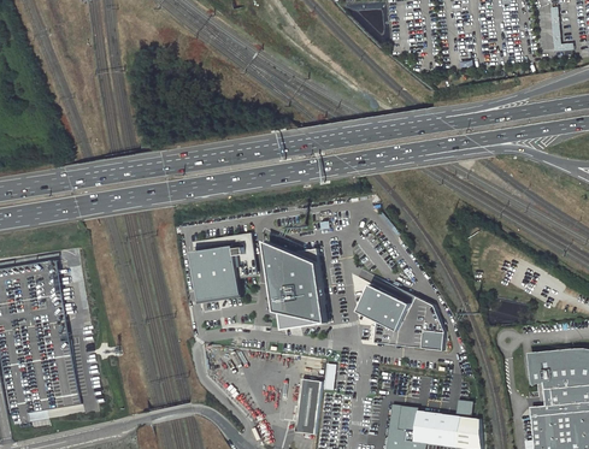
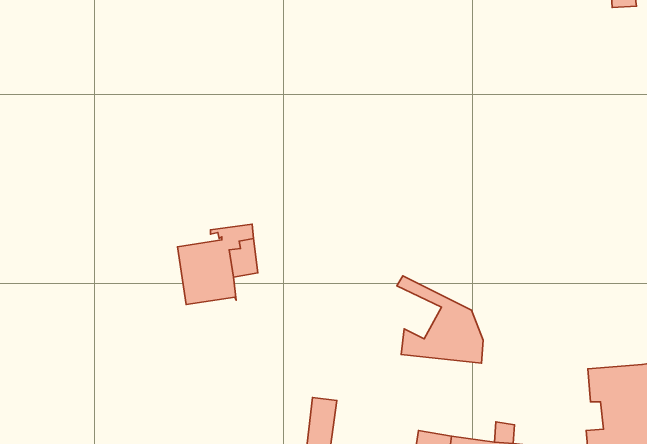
building: [269,241,330,329] -> none
building: [359,284,410,329] -> none

